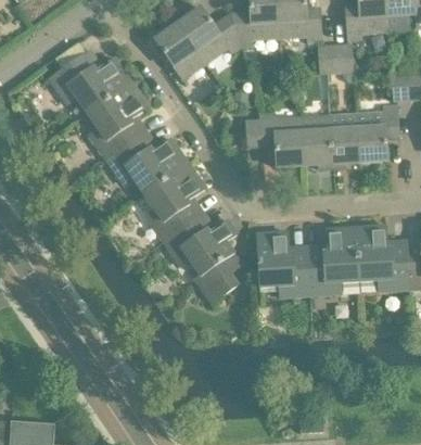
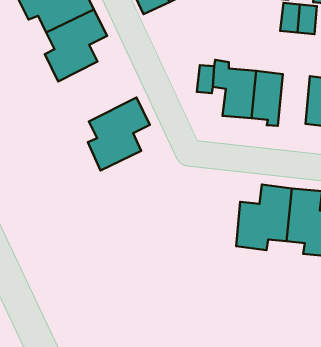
building: [329,114,359,168] -> none
building: [107,134,188,194] -> none
building: [164,215,242,302] -> none
building: [256,231,310,296] -> none

